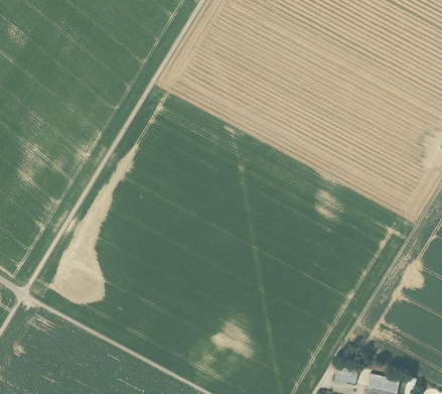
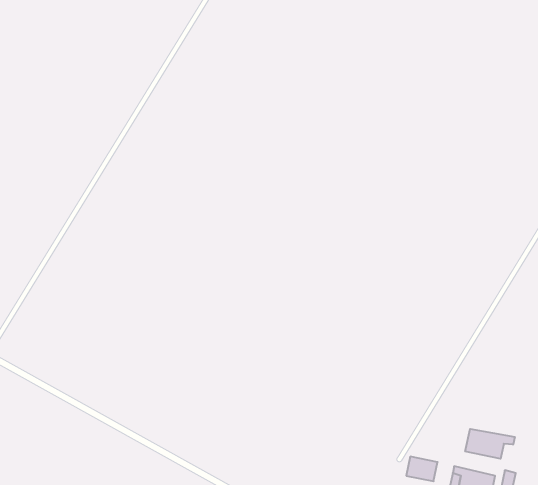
building: none -> [465,429,515,459]

